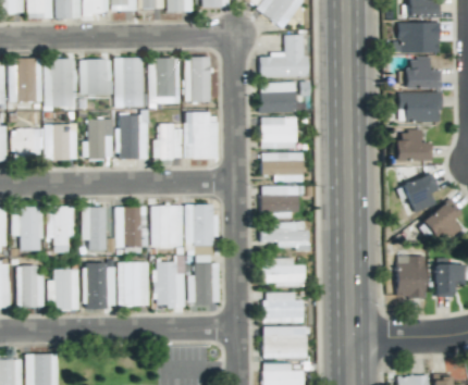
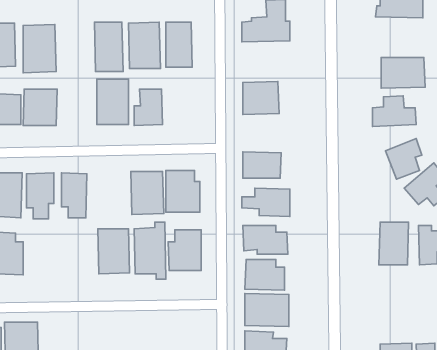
building: [405,58,442,89] -> none
building: [79,59,111,96] -> none
building: [260,83,296,113] -> none
building: [184,112,219,159] -> none
building: [83,119,113,159] -> none
building: [261,152,303,182] -> none
building: [115,207,147,248] -> none
building: [85,262,115,309] -> none
building: [48,269,79,310] -> none

